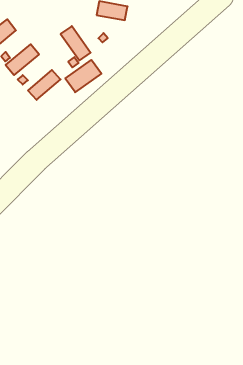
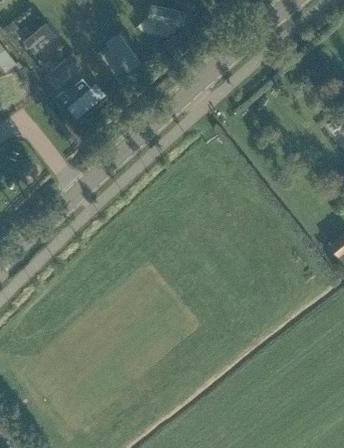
building: [65,60,101,92] -> none

